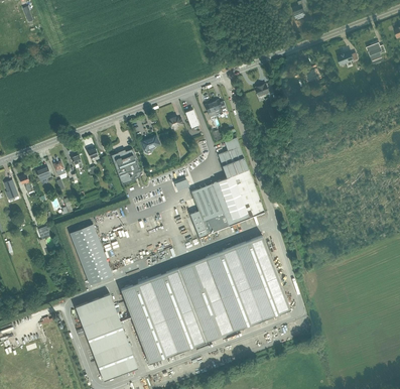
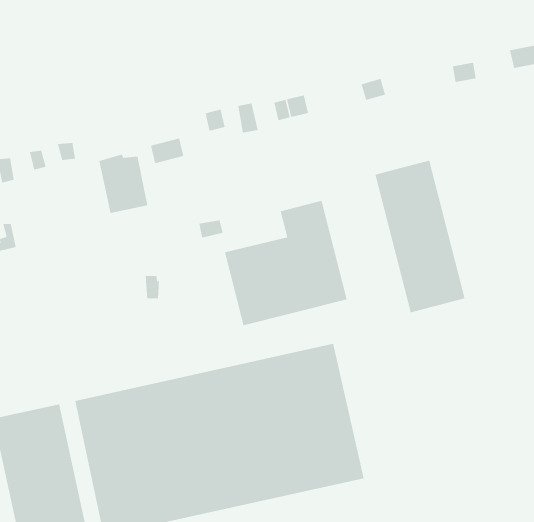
building: none -> [375,160,465,313]
building: [70,221,110,282] -> none

